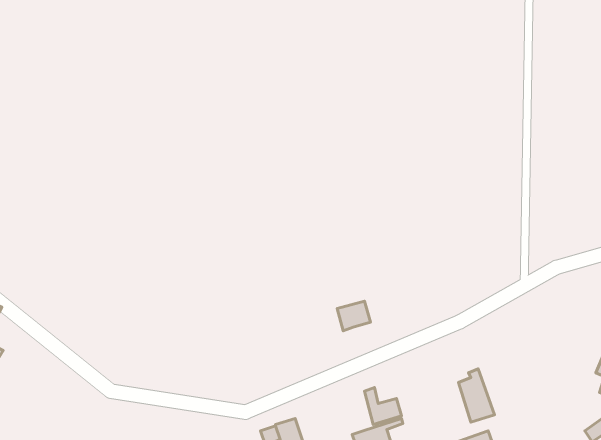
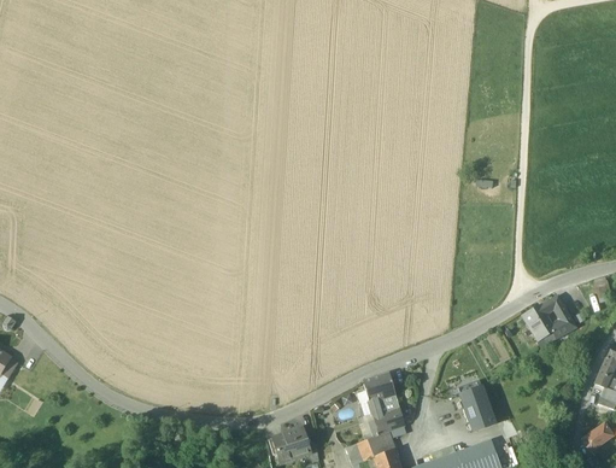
building: none -> [524,296,575,339]
building: [337,301,371,331] -> [363,373,395,402]

